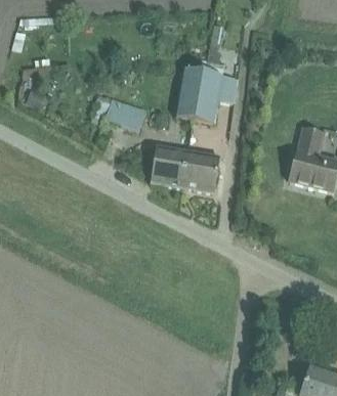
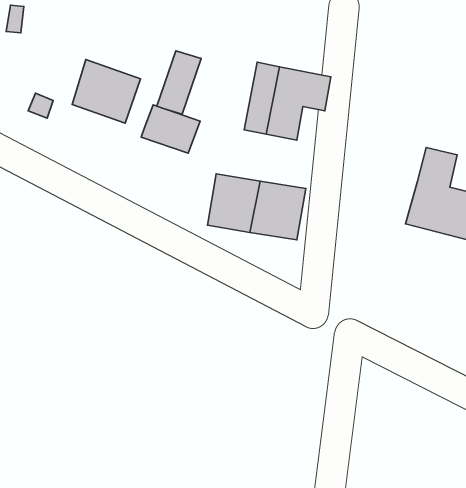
building: none -> [157,51,201,114]
building: none -> [72,59,141,123]

